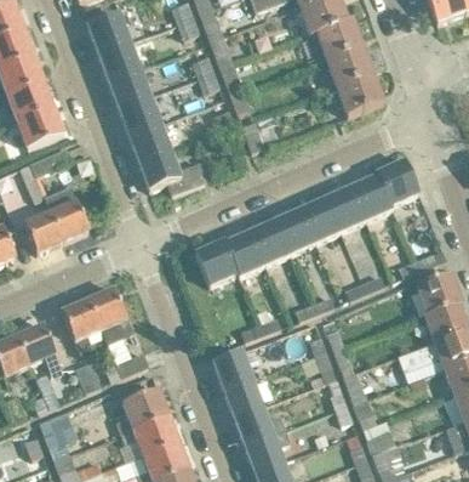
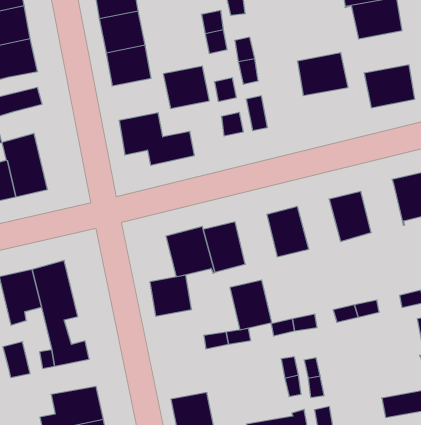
building: [327,46,373,87] -> [297,53,348,96]
building: [128,123,171,163] -> [163,66,209,108]
building: [351,175,391,220] -> none
building: [301,198,342,243] -> none
building: [251,220,291,265] -> [230,280,272,330]
building: [213,350,252,389] -> [150,275,192,316]

